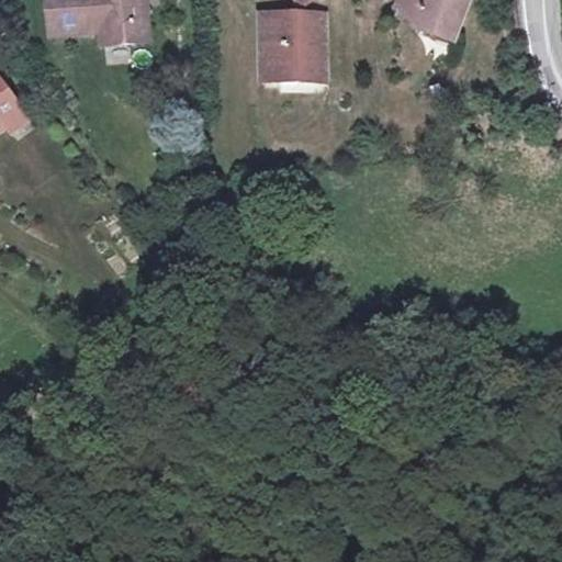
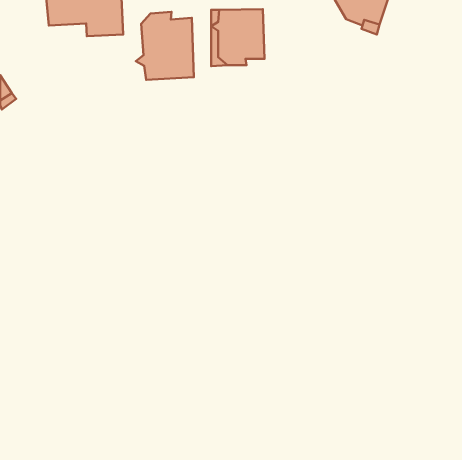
building: none -> [136,12,194,80]

